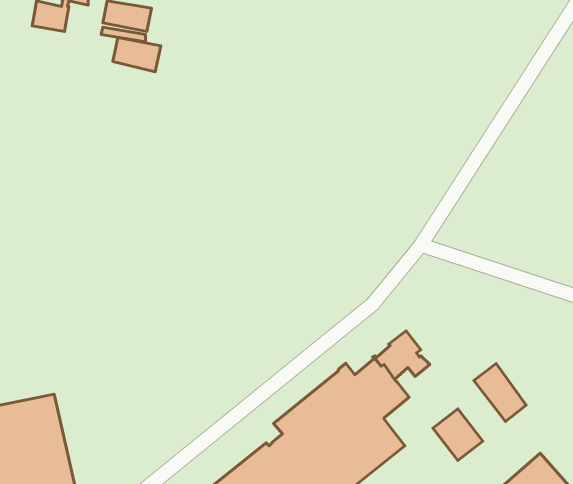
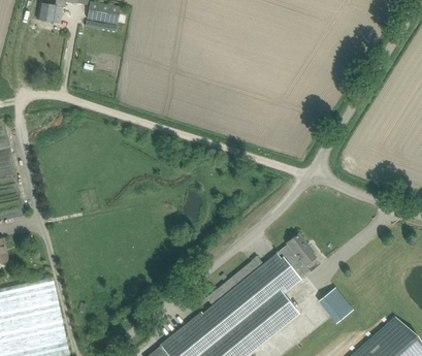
building: [113,37,161,72] -> none
building: [474,364,526,421] -> none

